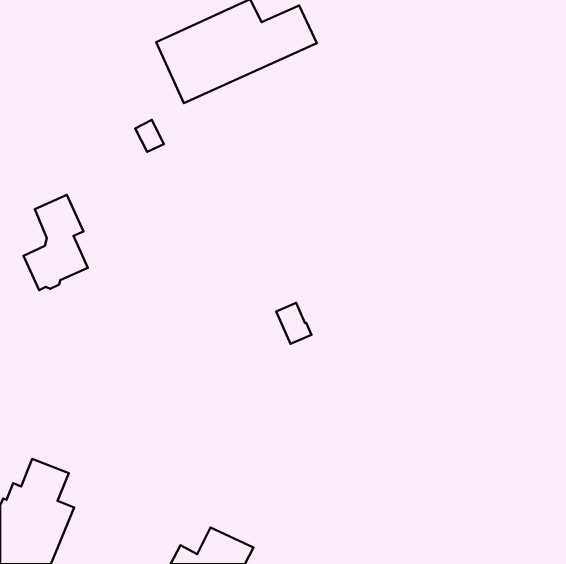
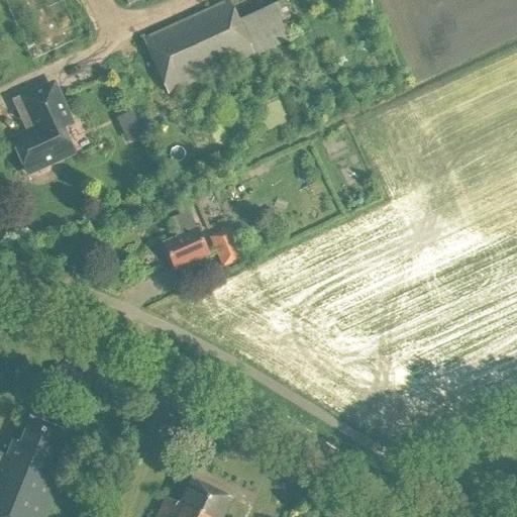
building: [24,195,88,290] -> [13,86,72,173]
building: none -> [163,211,208,270]
building: [276,303,312,344] -> [210,229,242,267]

